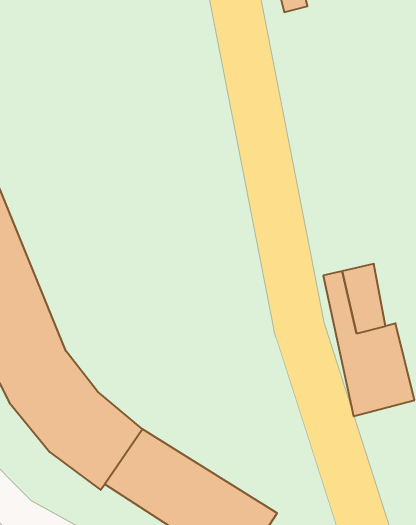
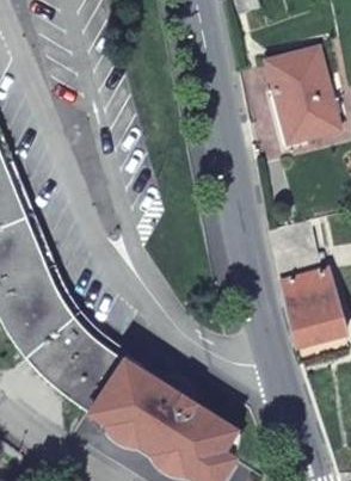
building: none -> [270,49,339,141]

